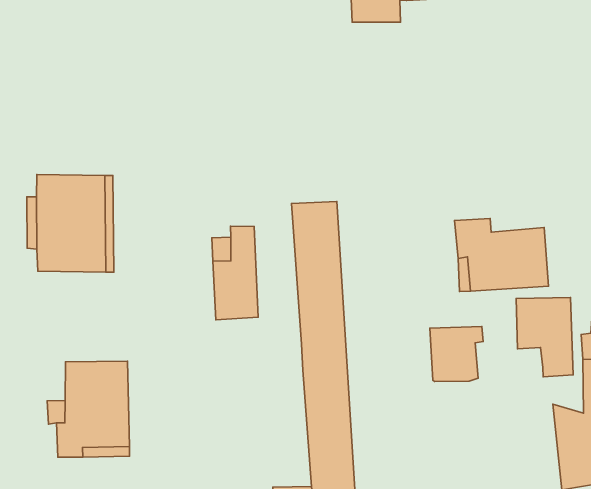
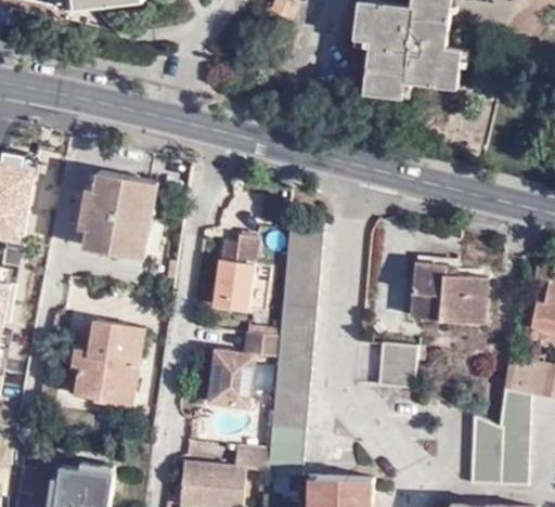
building: [516,297,573,377] -> none
building: none -> [209,333,280,408]

